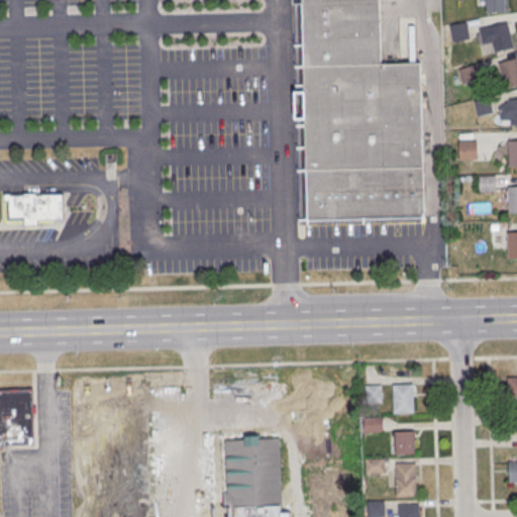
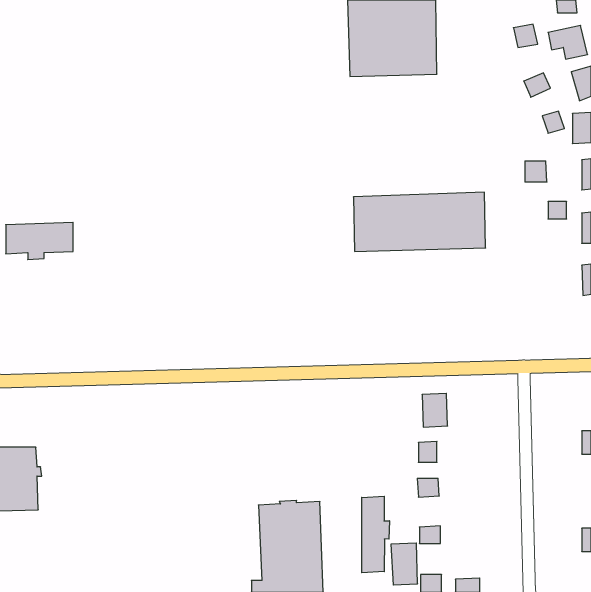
building: [305,64,422,172] -> none
building: [392,384,414,413] -> [422,393,448,427]
building: [394,430,414,454] -> none
building: none -> [362,496,389,573]
building: [393,461,416,498] -> [391,543,418,585]

